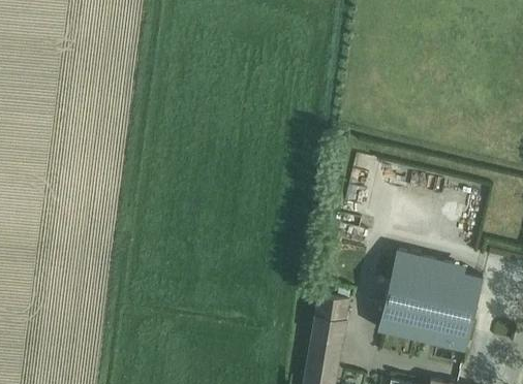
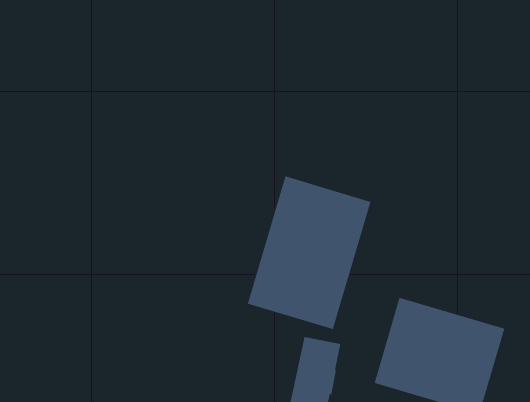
building: none -> [247,176,371,330]

